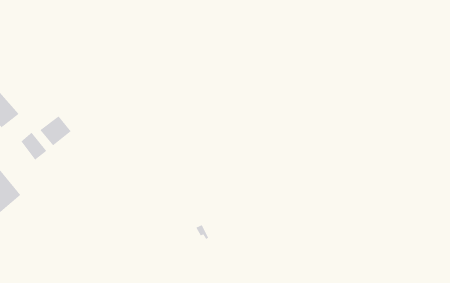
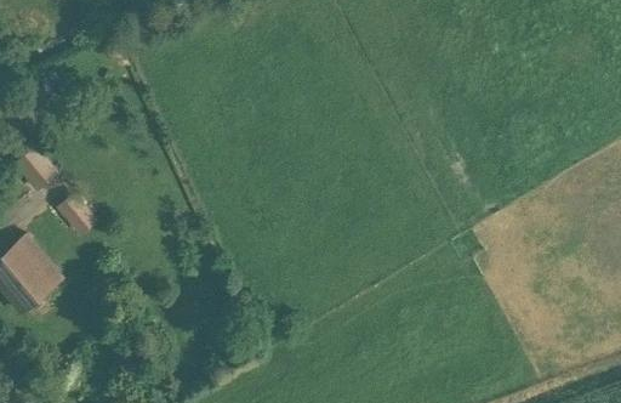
building: [39,115,71,146] -> none

